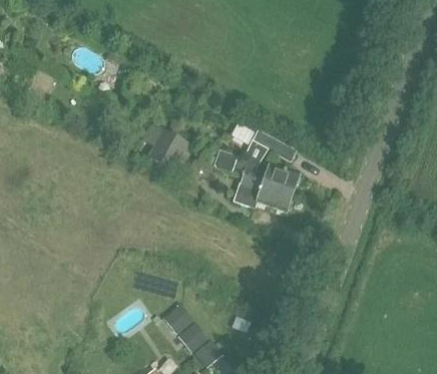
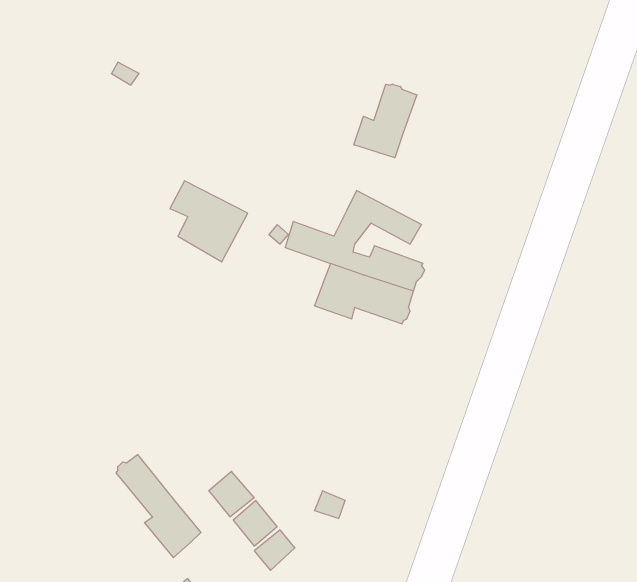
building: none -> [354,84,417,158]
building: none -> [116,455,201,558]

